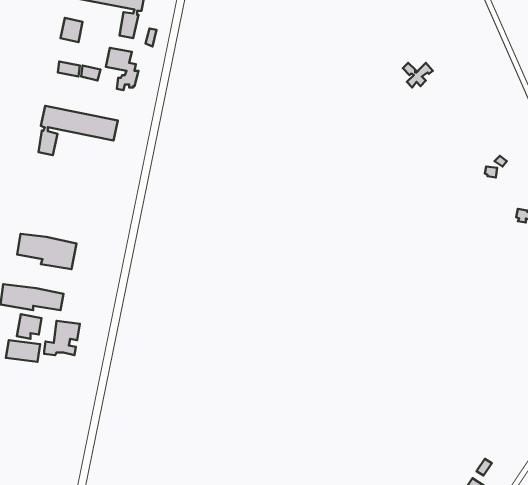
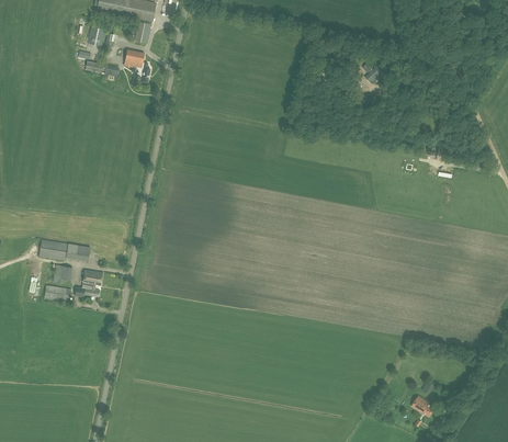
building: [38,106,118,155] -> none
building: [17,234,76,269] -> none

